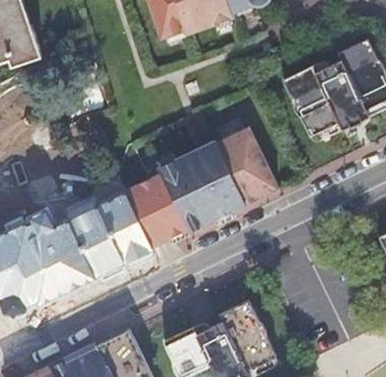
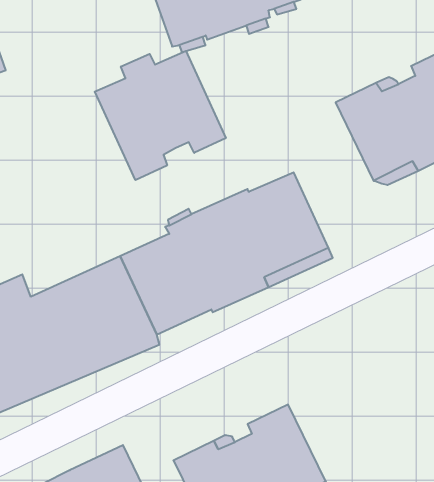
building: none -> [95,51,226,180]

